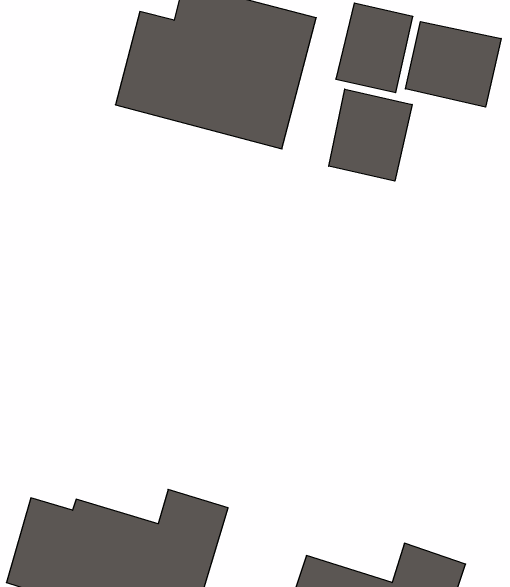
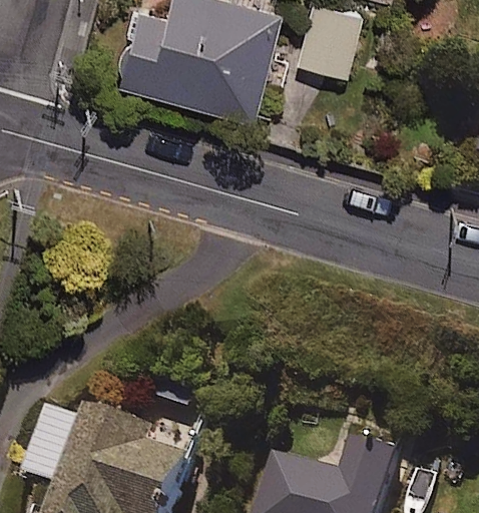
building: [405,22,501,107] -> none
building: [329,89,412,181] -> none

